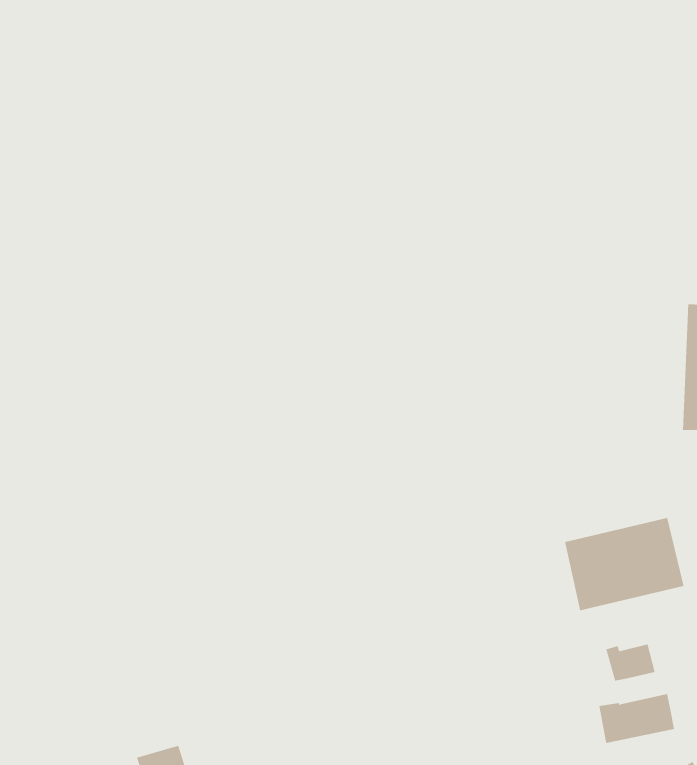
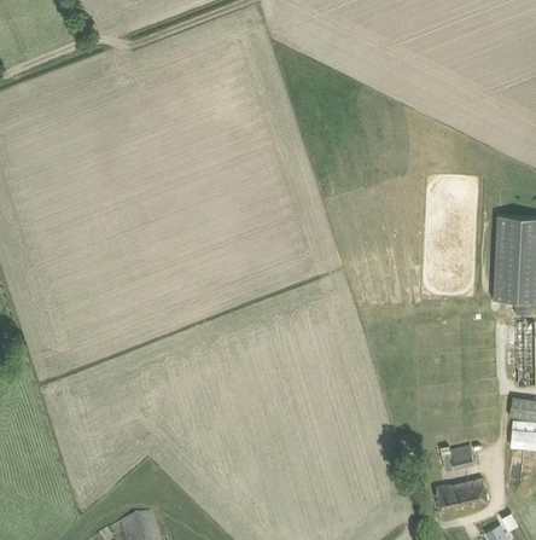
building: [564,517,684,611] -> none

